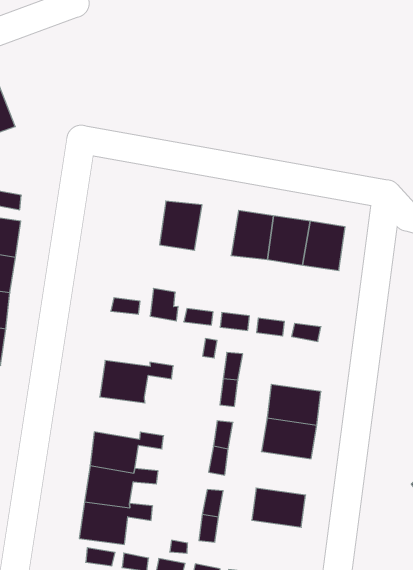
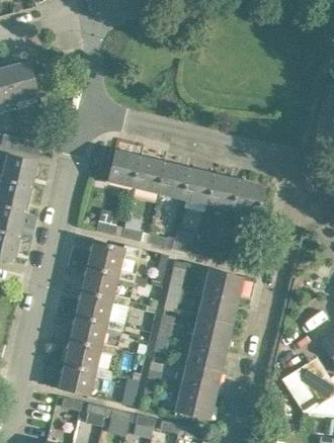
building: none -> [108,151,141,187]
building: none -> [158,162,191,199]
building: none -> [88,241,142,272]
building: none -> [203,268,244,300]
building: none -> [76,290,131,323]
building: none -> [186,339,227,372]
building: none -> [175,386,216,420]

